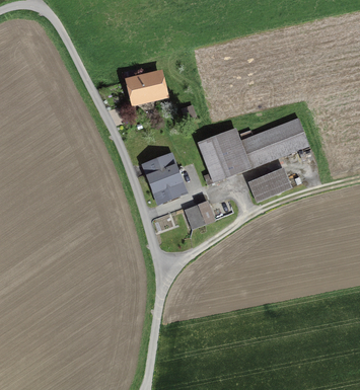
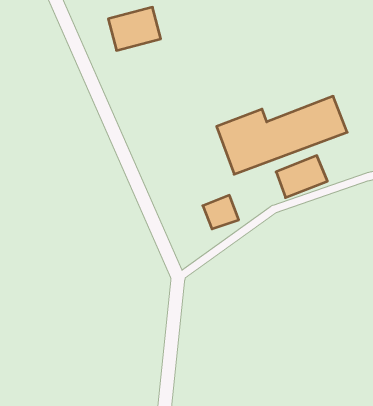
building: [124,69,169,106] -> [108,7,161,50]
building: [140,151,191,206] -> none

